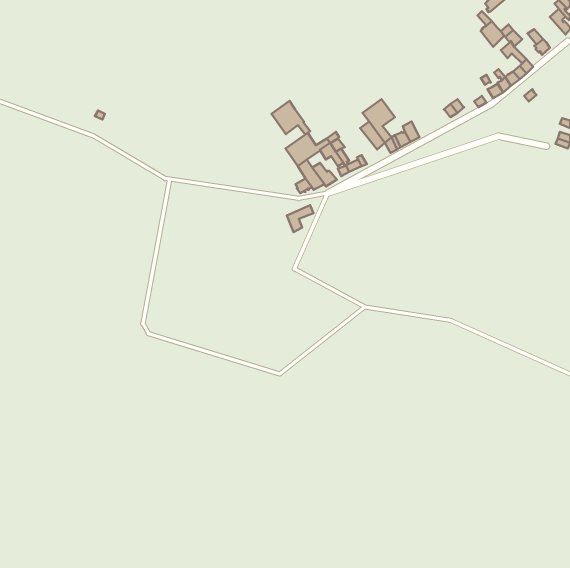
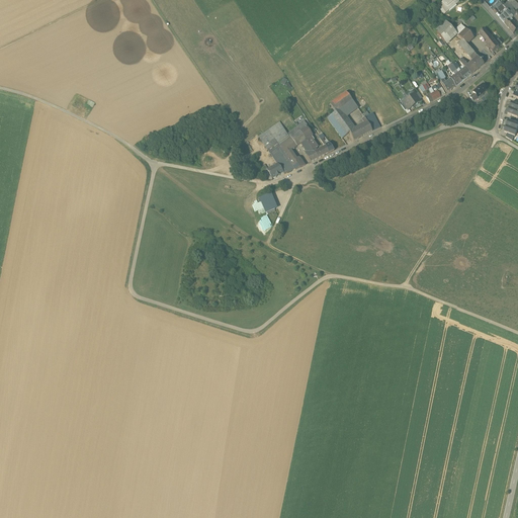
building: [271,101,310,134] -> none

